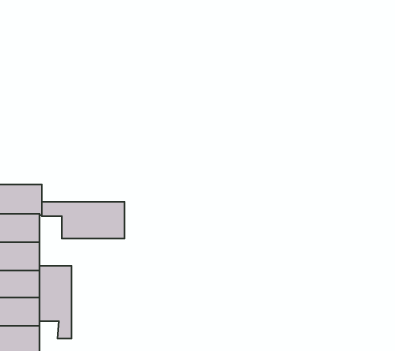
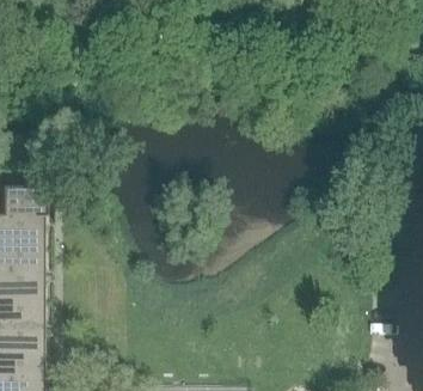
building: [42,202,124,238] -> none
building: [39,266,72,339] -> none

